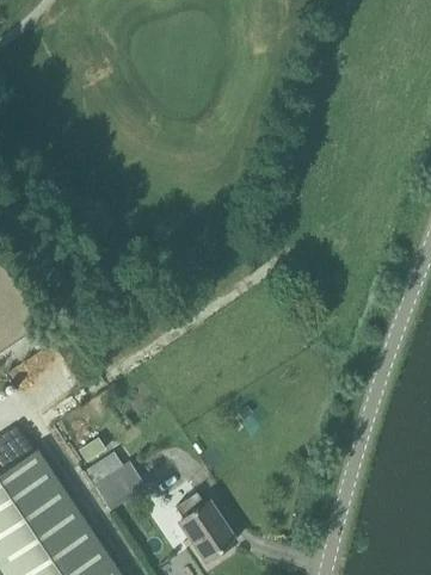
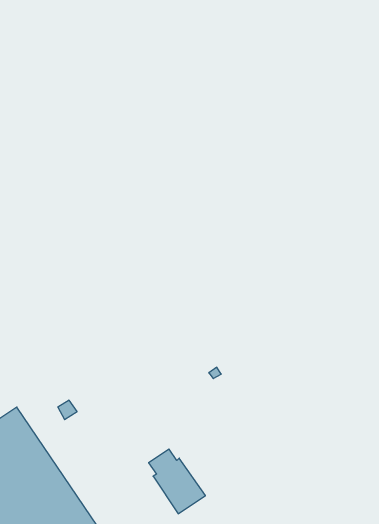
building: [85,453,142,506] -> none

